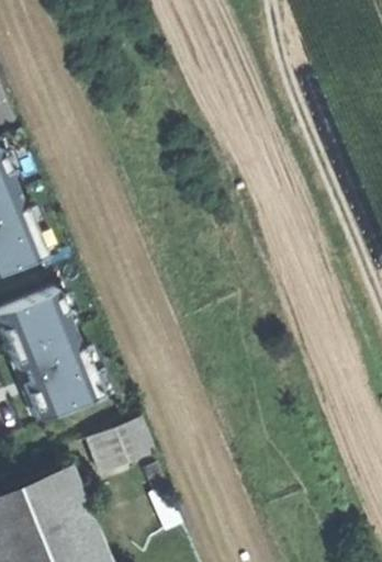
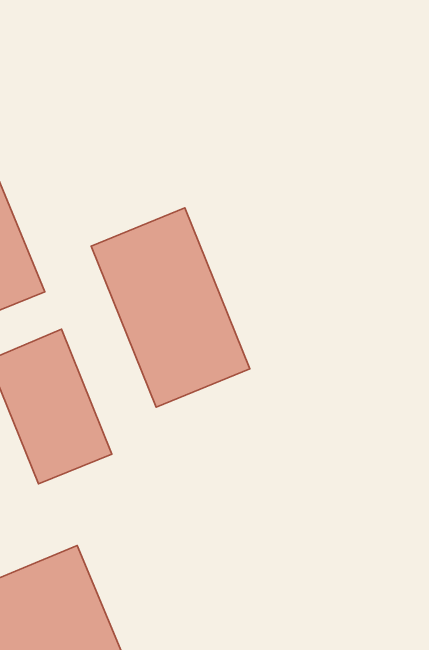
building: none -> [91,208,250,407]
building: [87,414,158,472] -> none

